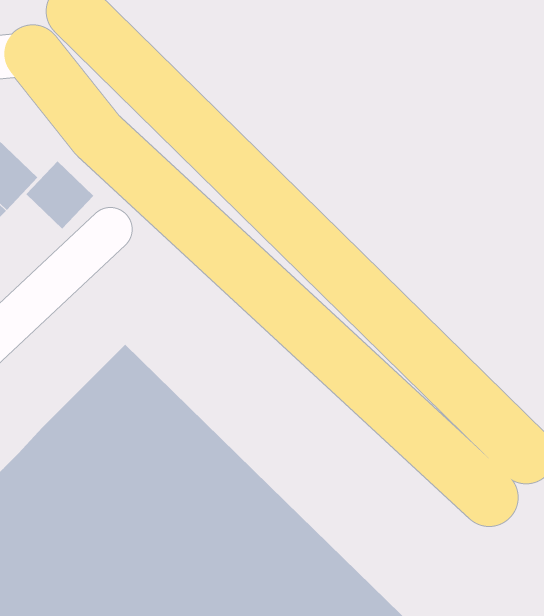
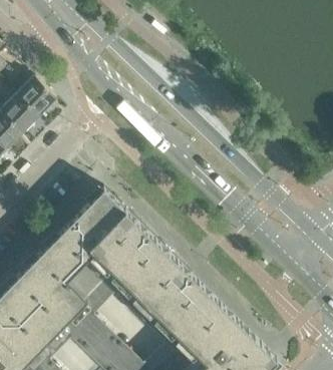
building: [25,160,94,229] -> none

